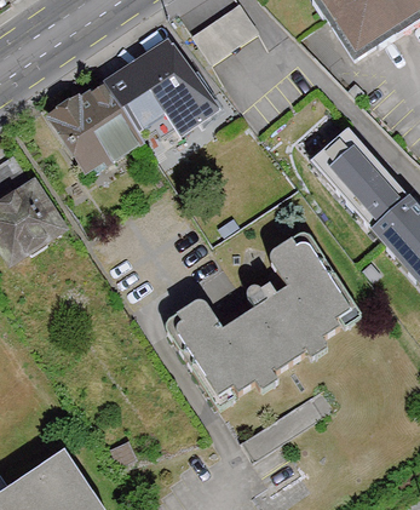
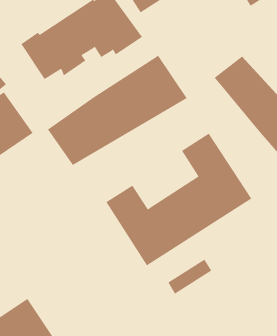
building: none -> [47,55,188,166]

